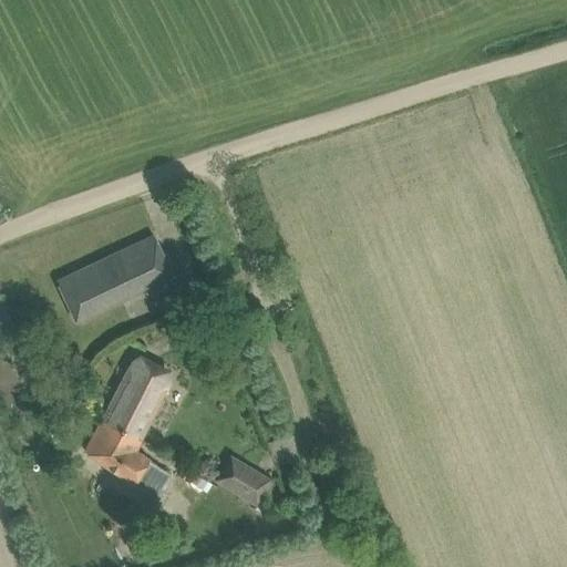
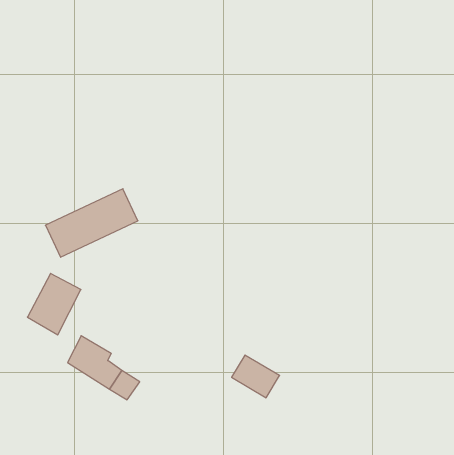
building: [101,363,167,440] -> [27,273,81,335]
building: [214,454,274,507] -> [232,355,280,398]

